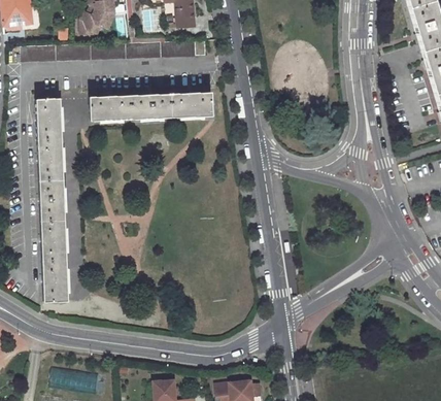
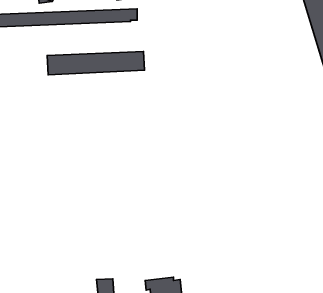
building: [34,98,67,304] -> none

